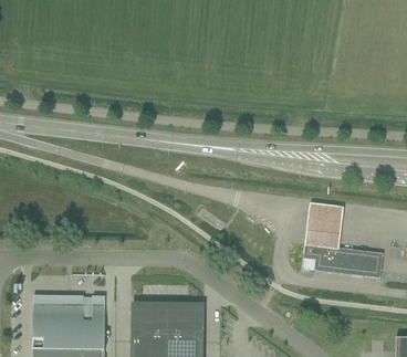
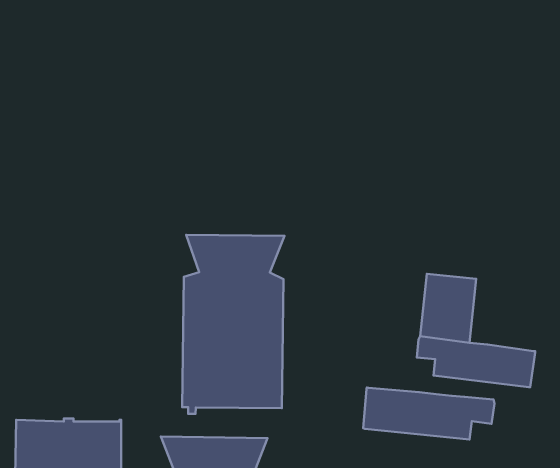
building: none -> [182,235,284,414]
building: none -> [363,387,494,440]

